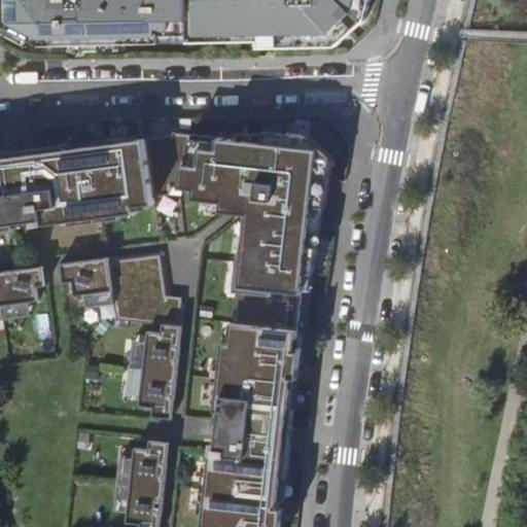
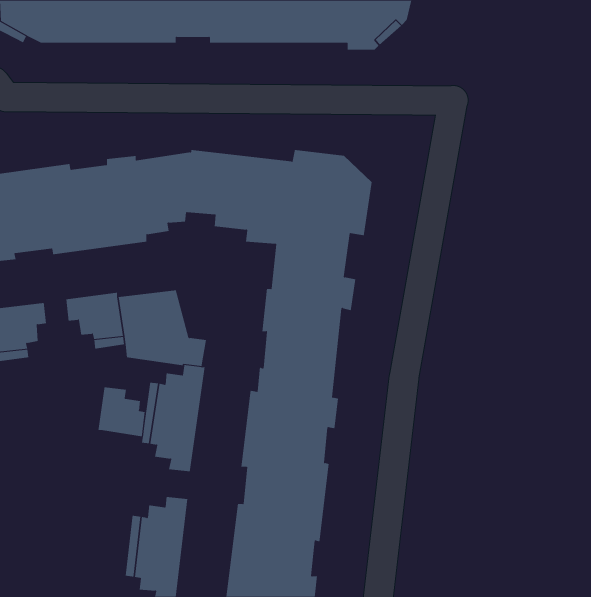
building: none -> [98,387,145,437]

